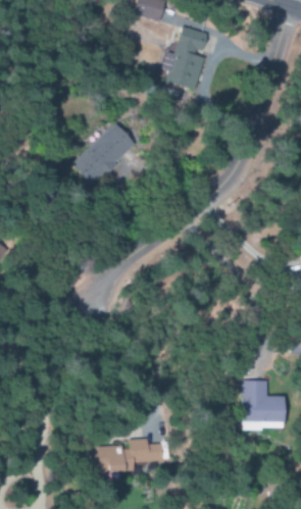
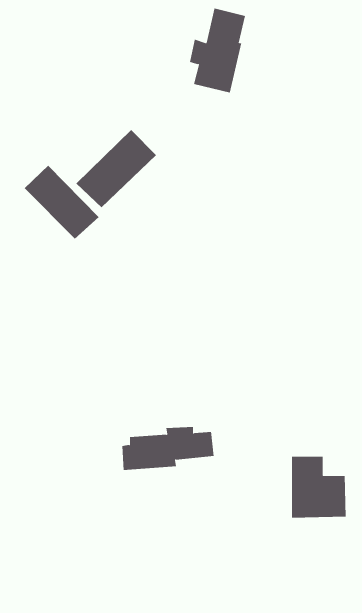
building: none -> [24,165,99,239]
building: [91,439,164,473] -> [121,426,214,470]

